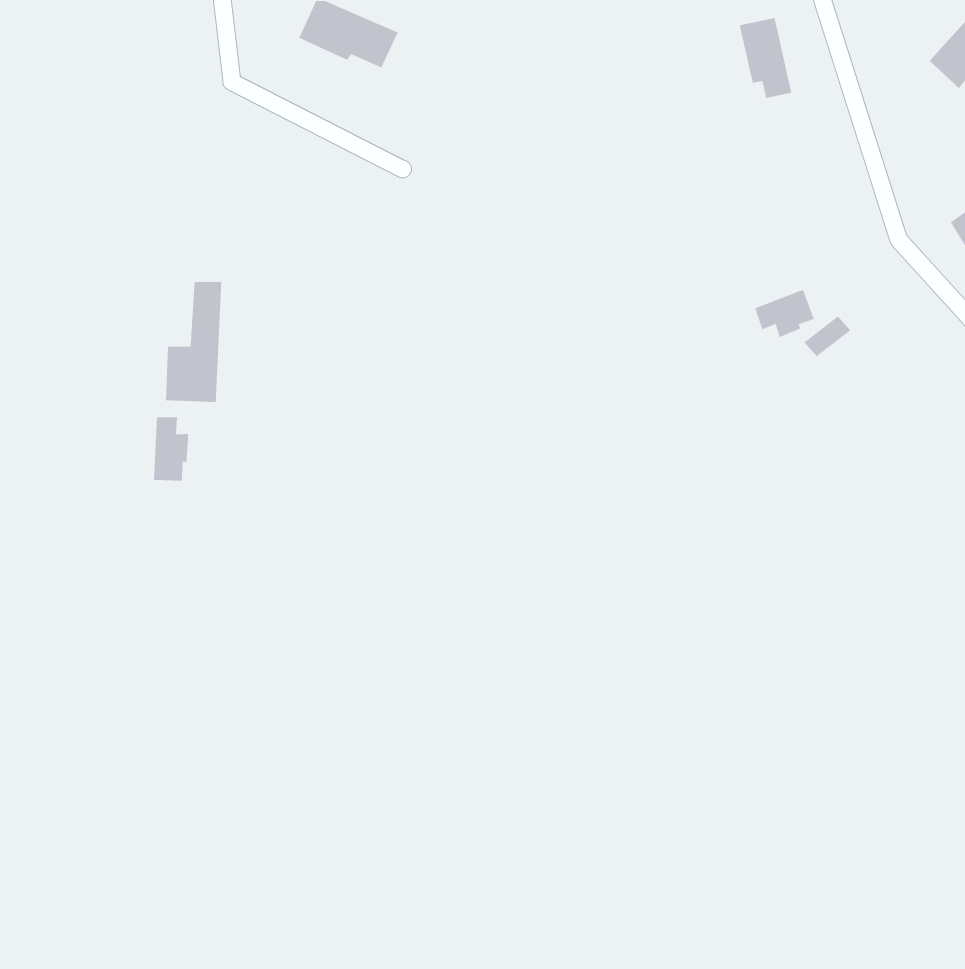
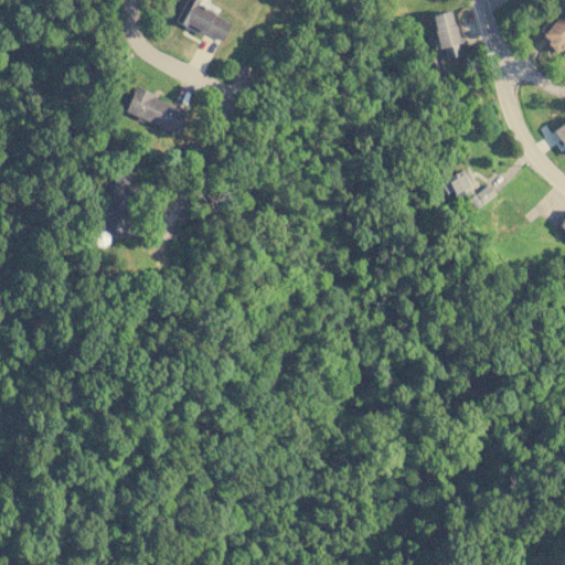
building: none -> [127,89,190,134]
building: [153,417,189,482] -> none

